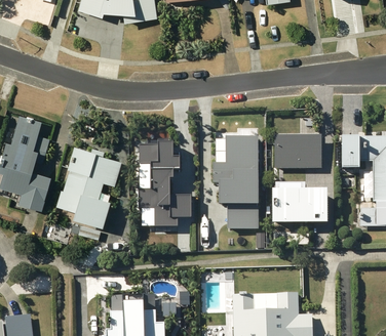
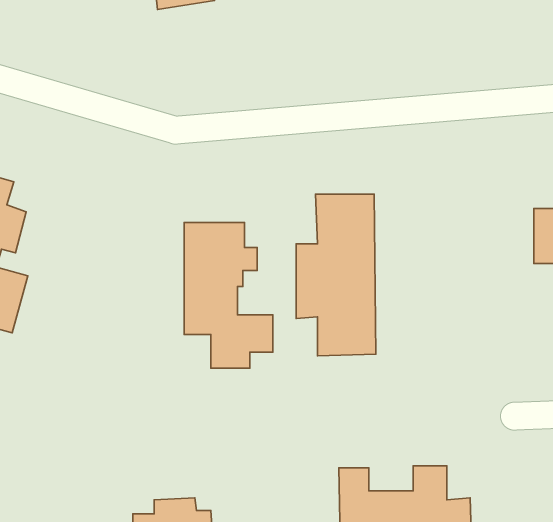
building: [276,137,323,171] -> none
building: [57,148,122,227] -> none
building: [273,185,329,225] -> none

